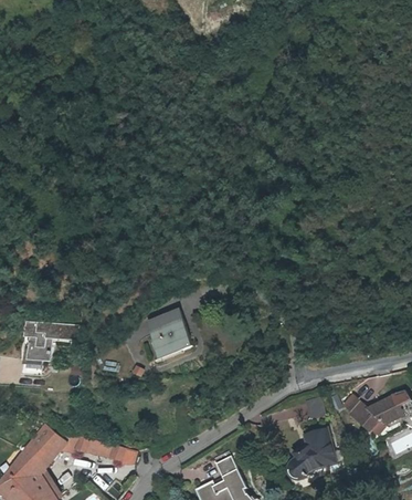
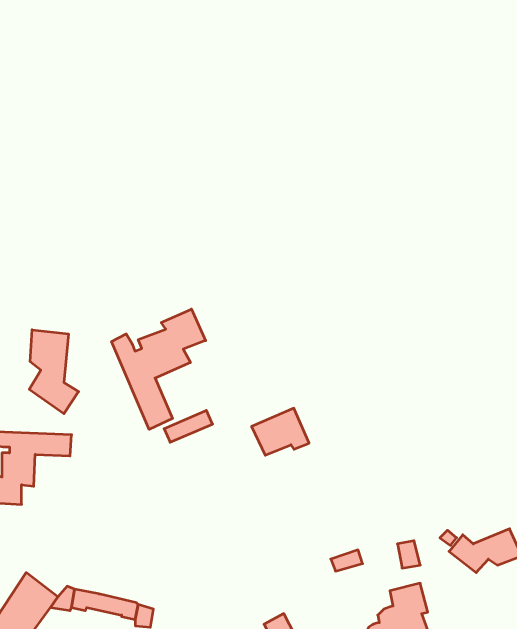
building: none -> [112,309,206,429]
building: none -> [29,330,79,414]
building: [147,317,189,352] -> [252,408,309,455]

